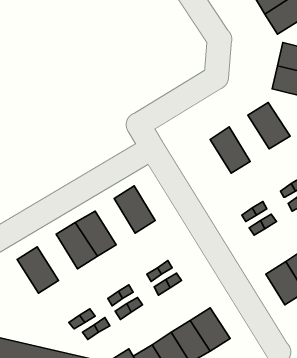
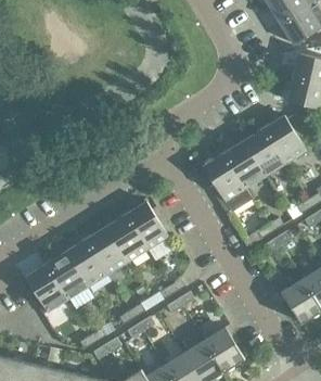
building: none -> [243,128,284,176]
building: none -> [202,153,245,201]
building: none -> [105,214,146,262]
building: none -> [46,251,87,299]

